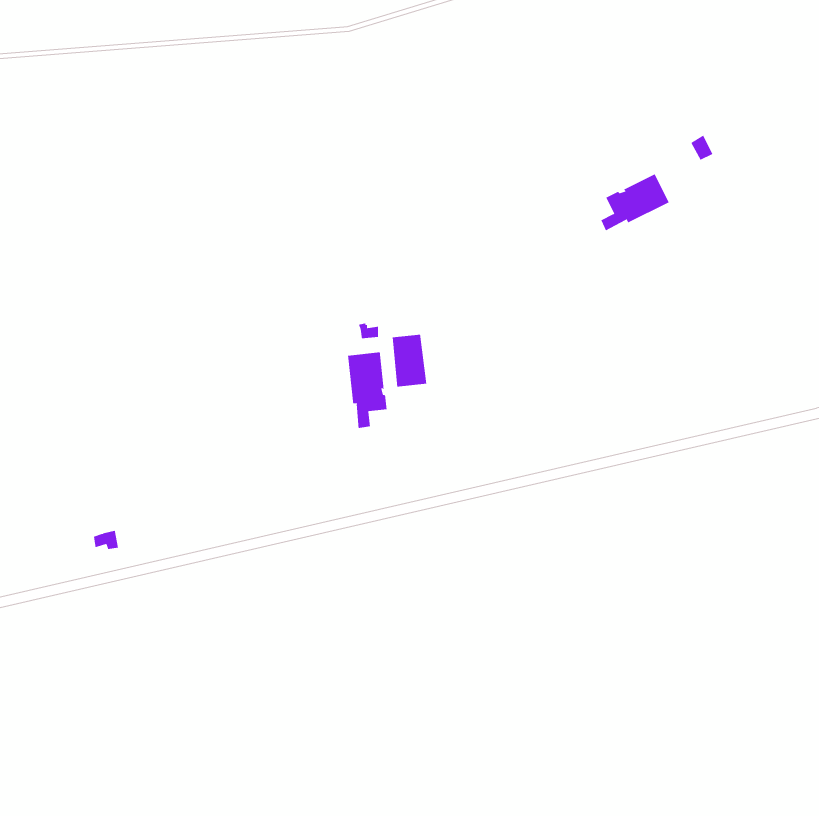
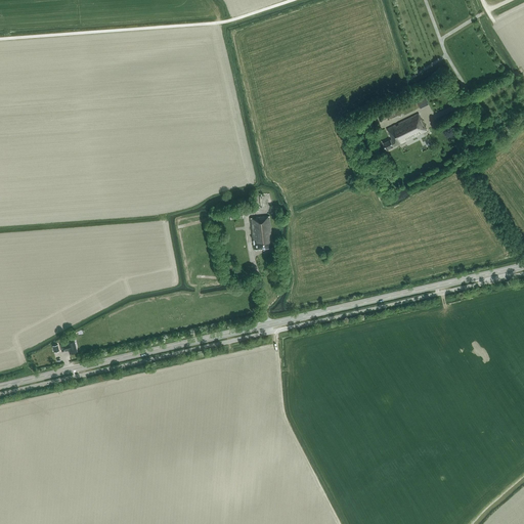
building: [348,352,387,429] -> none

